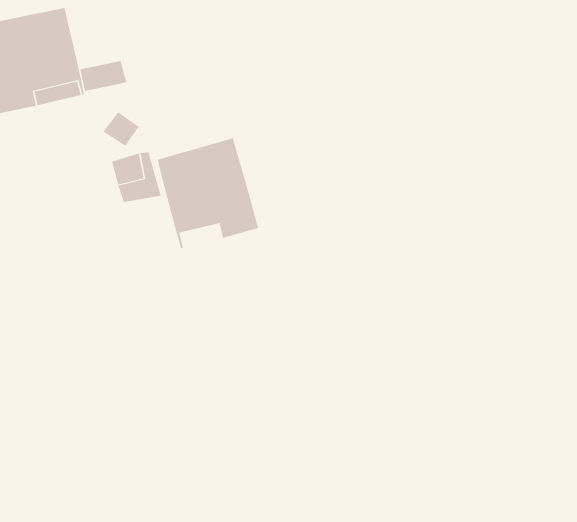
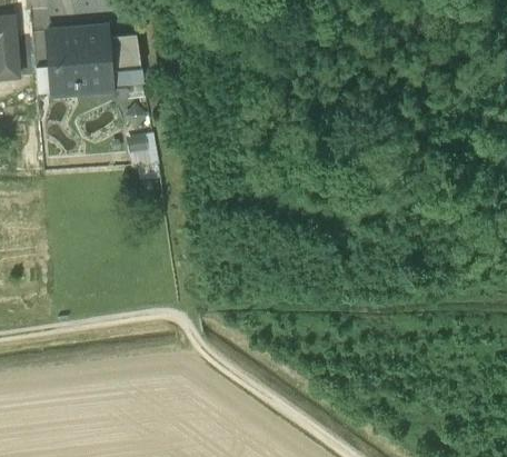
building: none -> [108,33,140,70]
building: [157,138,259,249] -> none

